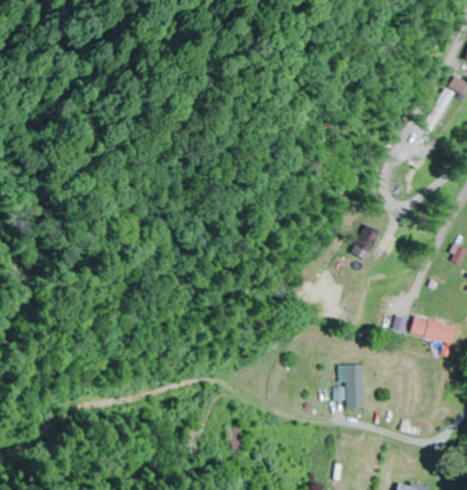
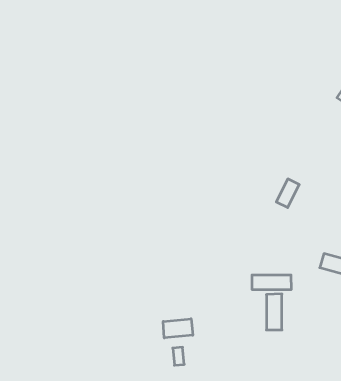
building: none -> [252,275,291,290]
building: none -> [163,319,193,338]

